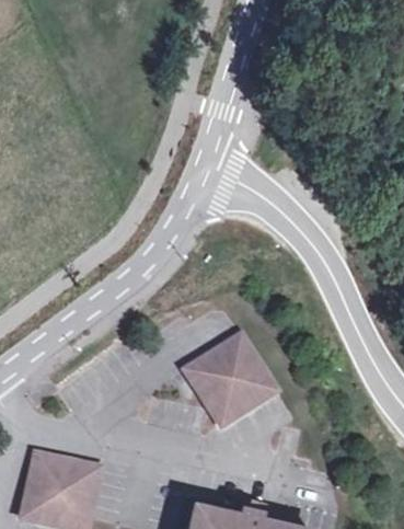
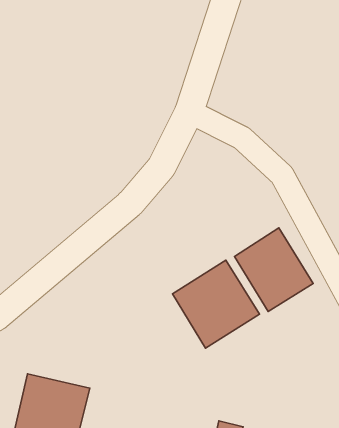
building: none -> [234,228,313,312]

